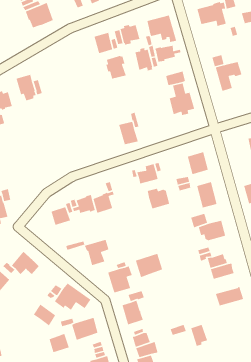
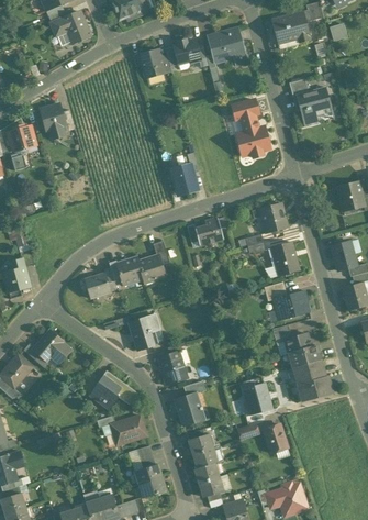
building: [154,45,181,63] -> none
building: [135,47,153,72] -> none
building: [105,55,127,80] -> none
building: [147,188,170,209] -> none
building: [135,253,163,278] -> none
building: none -> [290,359,324,385]
building: none -> [244,383,271,413]
building: [33,304,56,327] -> none
building: [48,333,70,353] -> none

